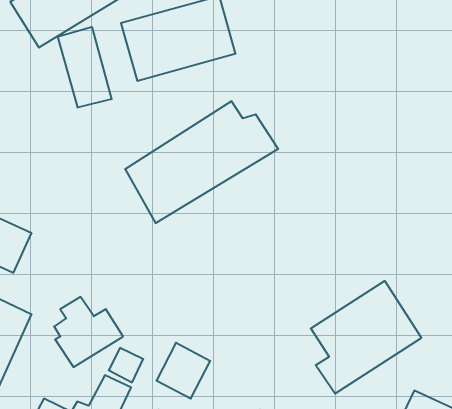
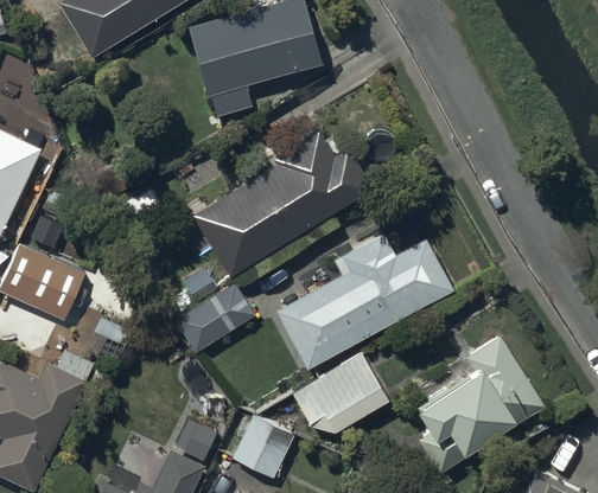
building: [58,27,112,108] -> none
building: none -> [274,210,454,363]
building: [54,297,123,367] -> [176,276,256,358]
building: none -> [295,363,389,437]

